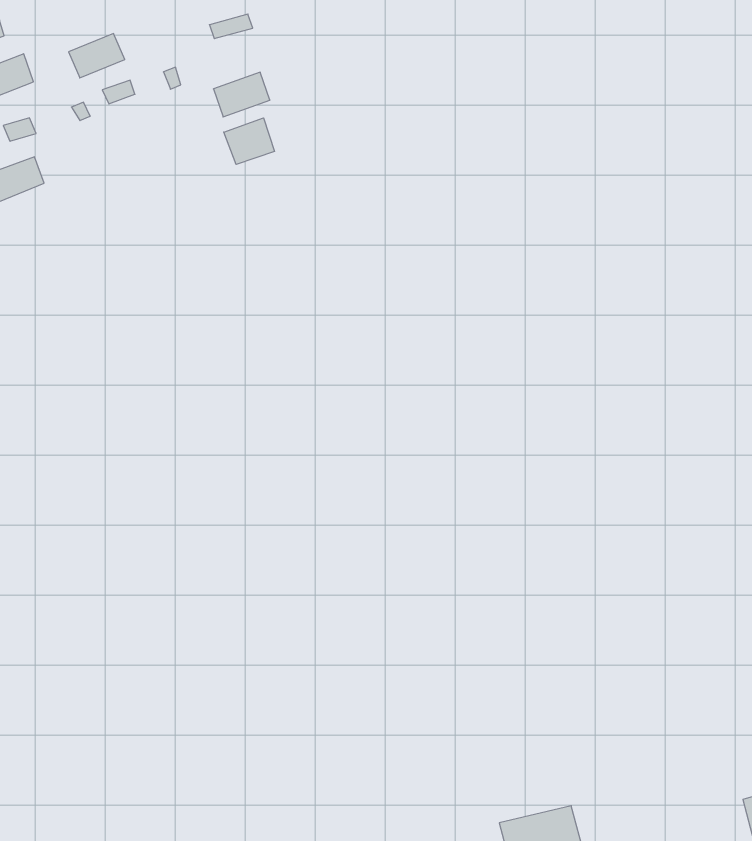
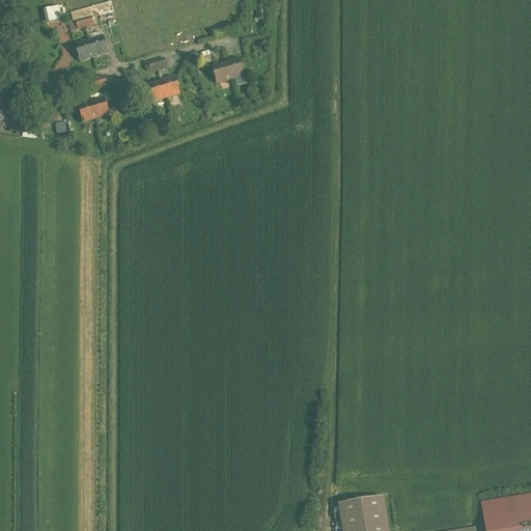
building: [69,34,125,78] -> [147,77,179,101]
building: [224,118,275,164] -> none

